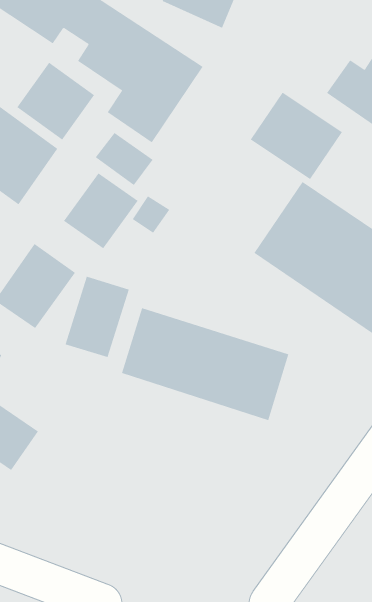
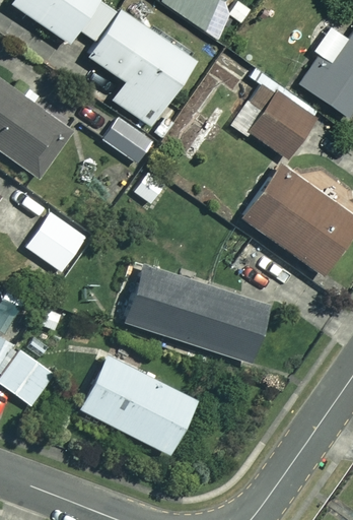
building: [17,62,95,141] -> none
building: [63,172,139,249] -> none
building: [65,276,129,358] -> none
building: none -> [80,354,198,454]

